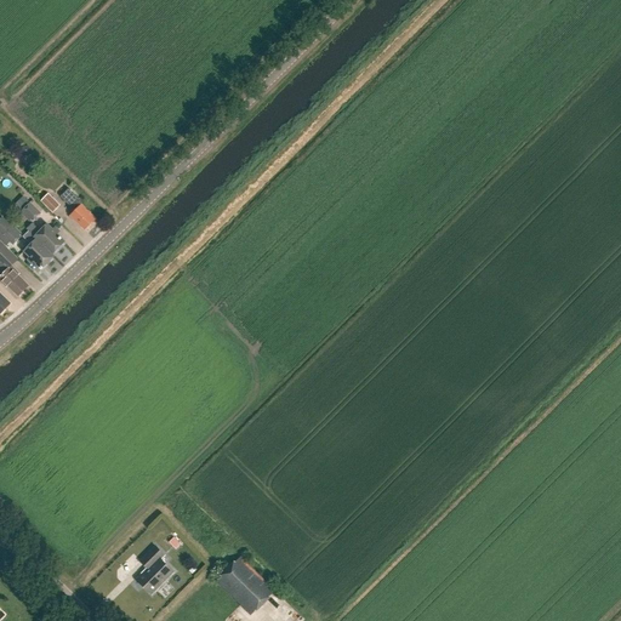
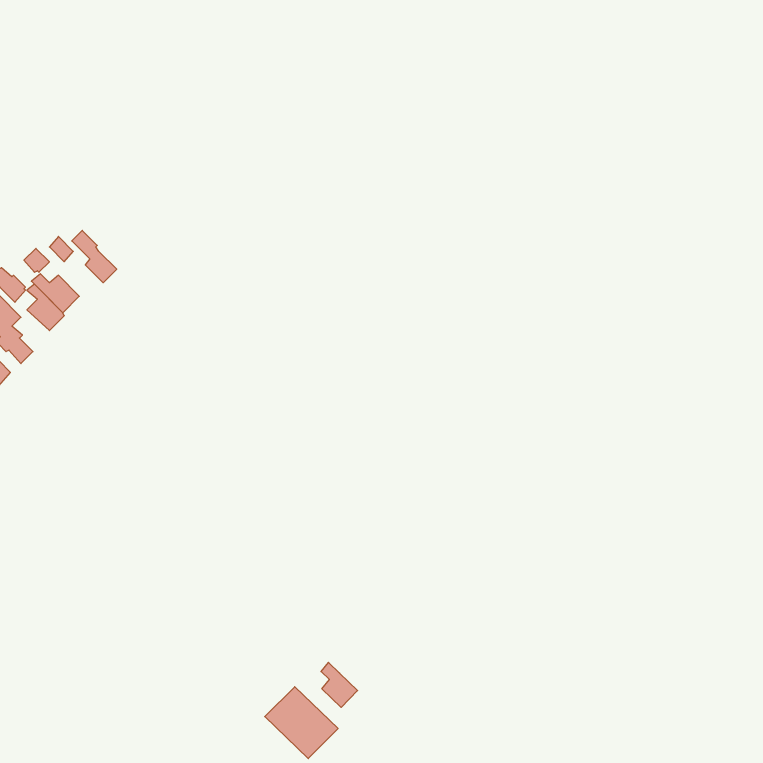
building: none -> [321,662,358,707]
building: [135,545,172,596] -> none

